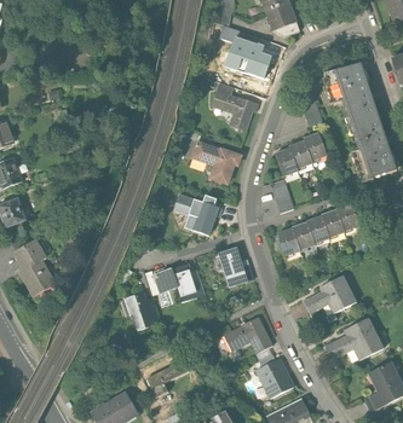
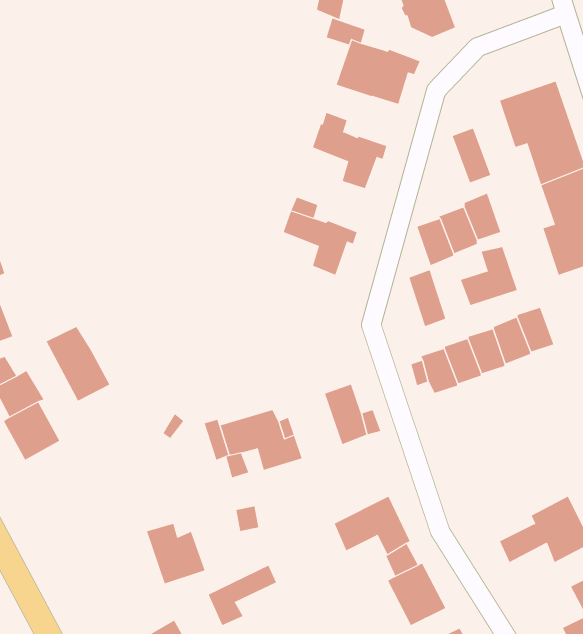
building: none -> [460,246,517,306]
building: [174,193,220,233] -> none
building: none -> [46,326,110,402]
building: [303,273,356,312] -> none
building: [125,292,161,330] -> [146,523,205,584]

